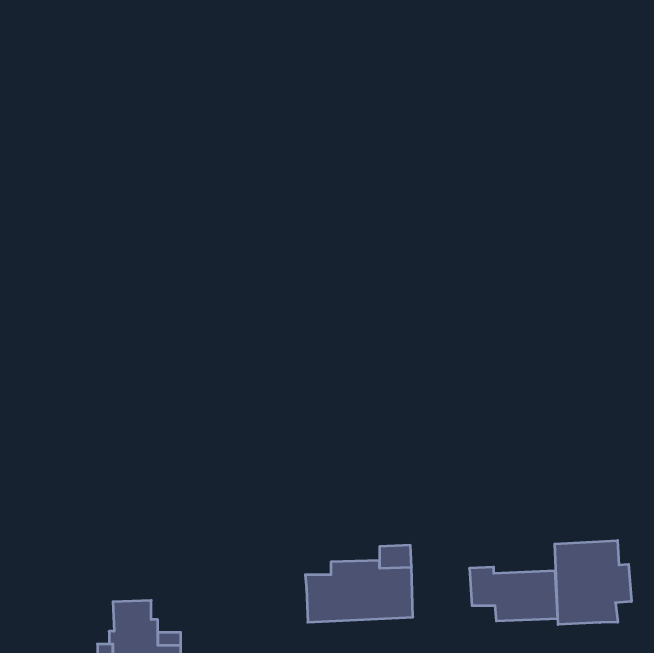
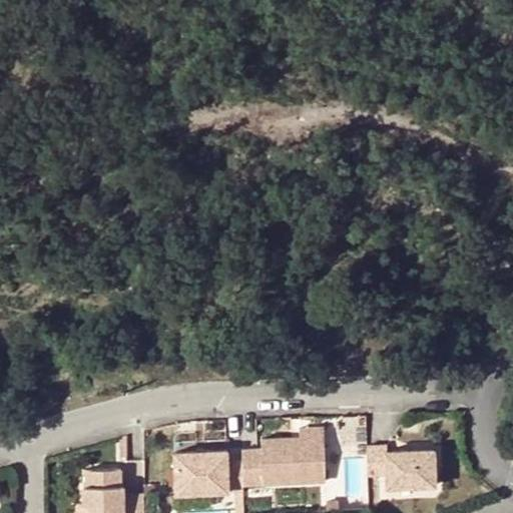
building: [555,540,631,625] -> none
building: none -> [173,452,242,495]

